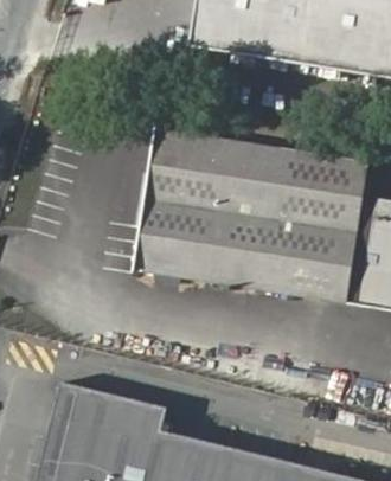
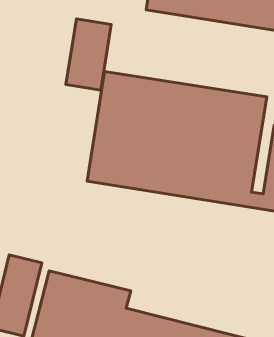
building: none -> [66,19,111,90]

